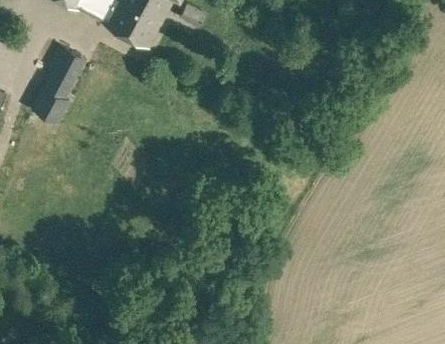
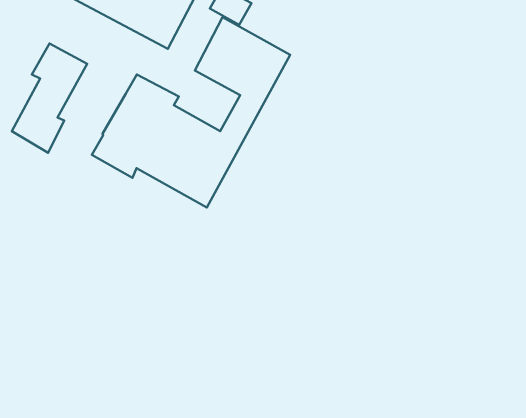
building: none -> [92,17,290,208]

